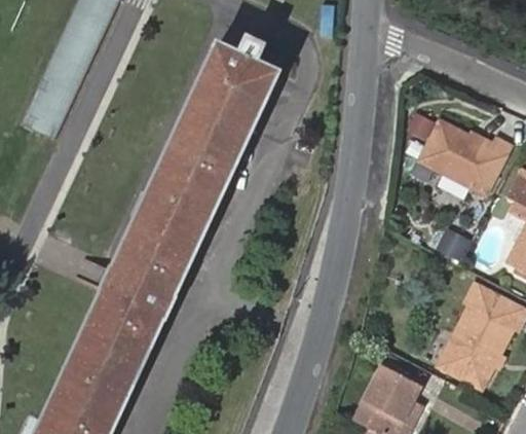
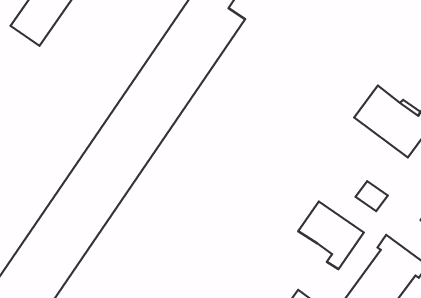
building: none -> [298,201,364,269]

